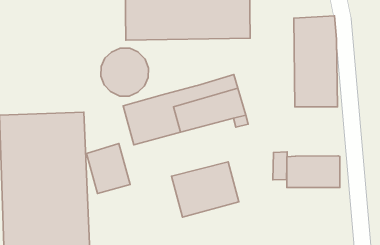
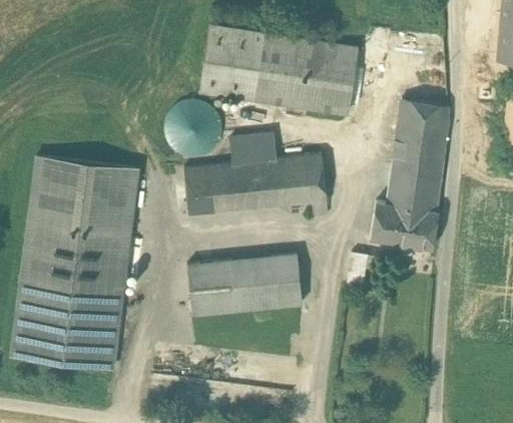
building: none -> [231,133,277,162]
building: [86,144,130,193] -> [188,260,233,314]
building: [287,156,340,188] -> [371,201,439,248]

